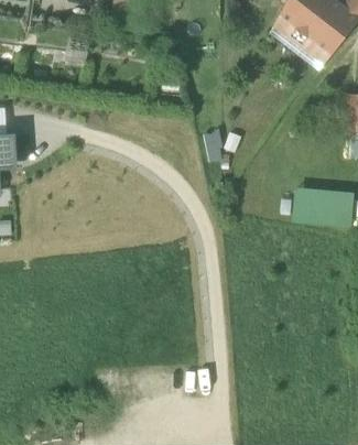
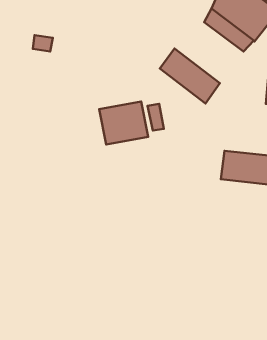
building: none -> [160,48,220,103]
building: none -> [99,101,148,144]

